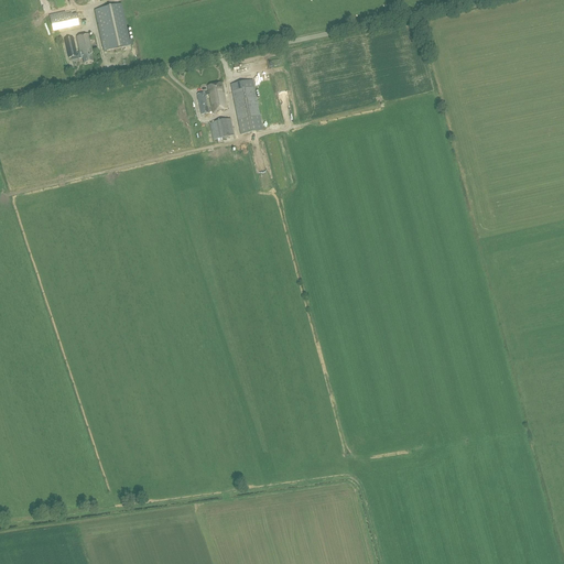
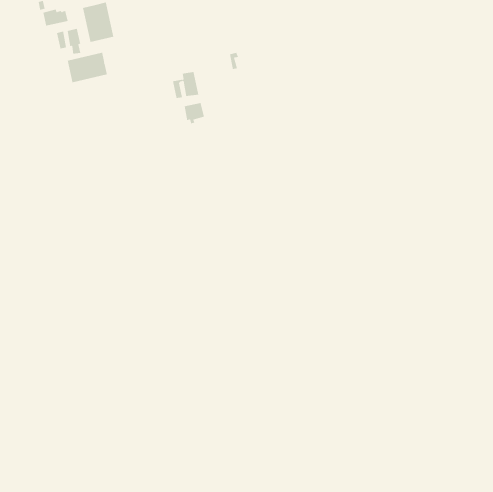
building: none -> [67,52,108,83]
building: [230,78,262,132] -> none

